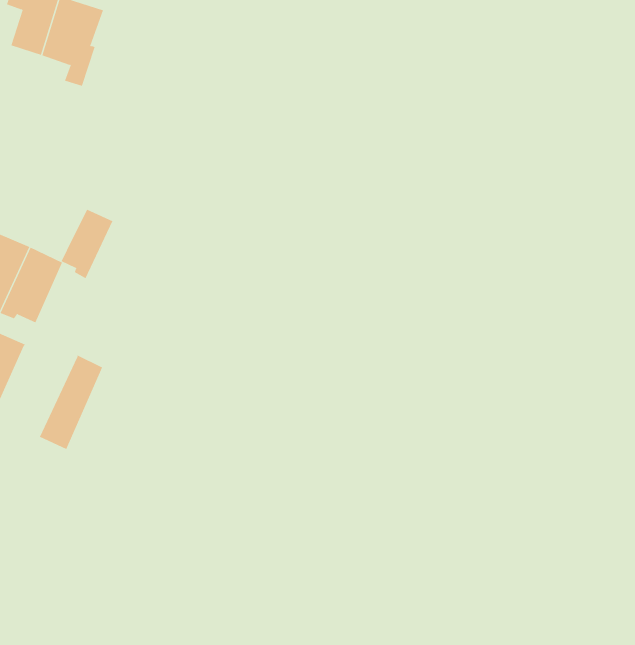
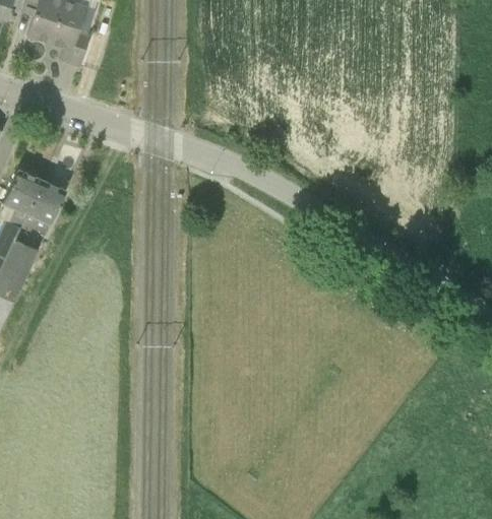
building: [61,209,113,279] -> none
building: [39,355,103,450] -> none

